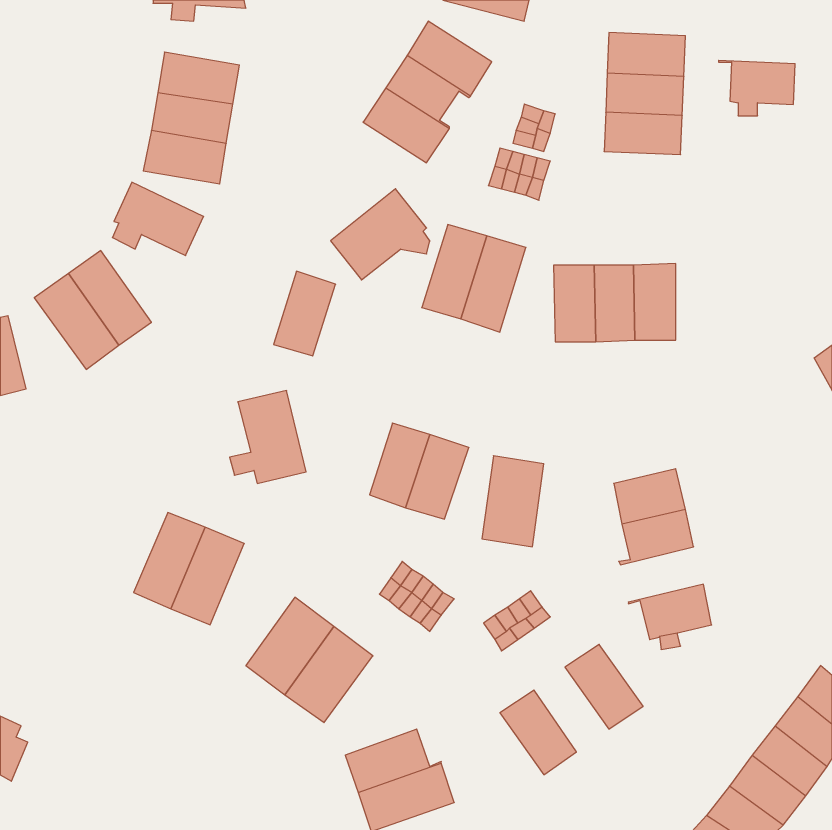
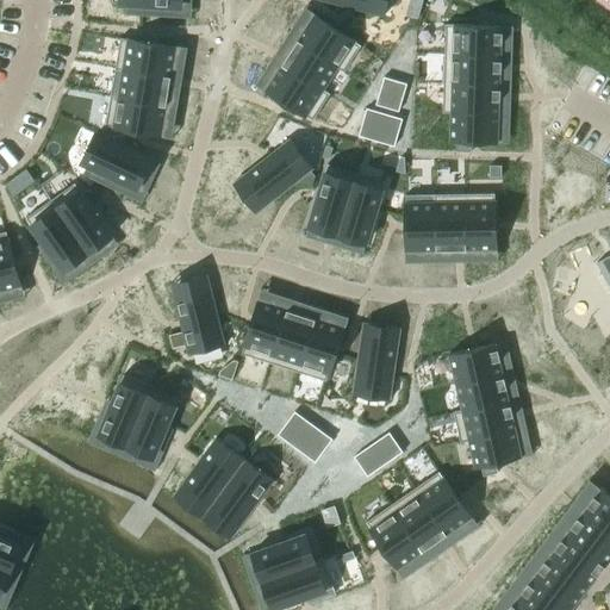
building: [719,60,795,116] -> [442,112,498,152]
building: [274,271,336,356] -> [242,301,287,363]
building: none -> [454,402,515,442]
building: none -> [391,490,446,552]

